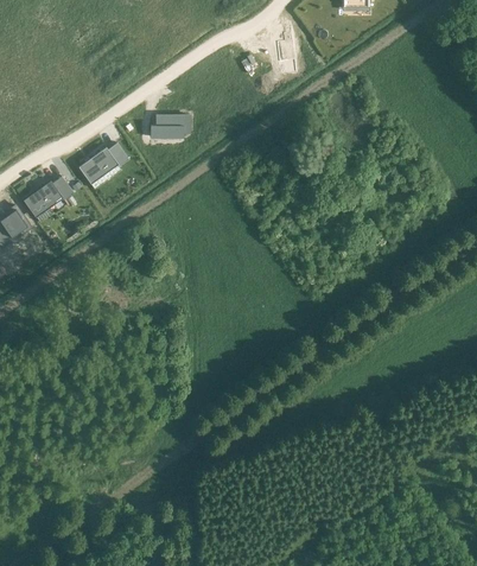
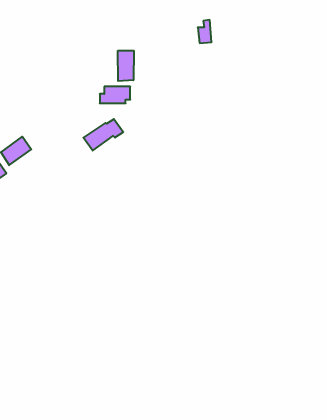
building: none -> [118,51,134,81]
building: [77,144,128,184] -> [83,119,123,151]

